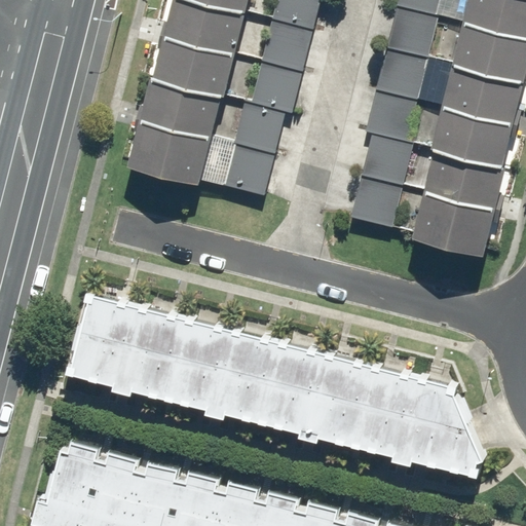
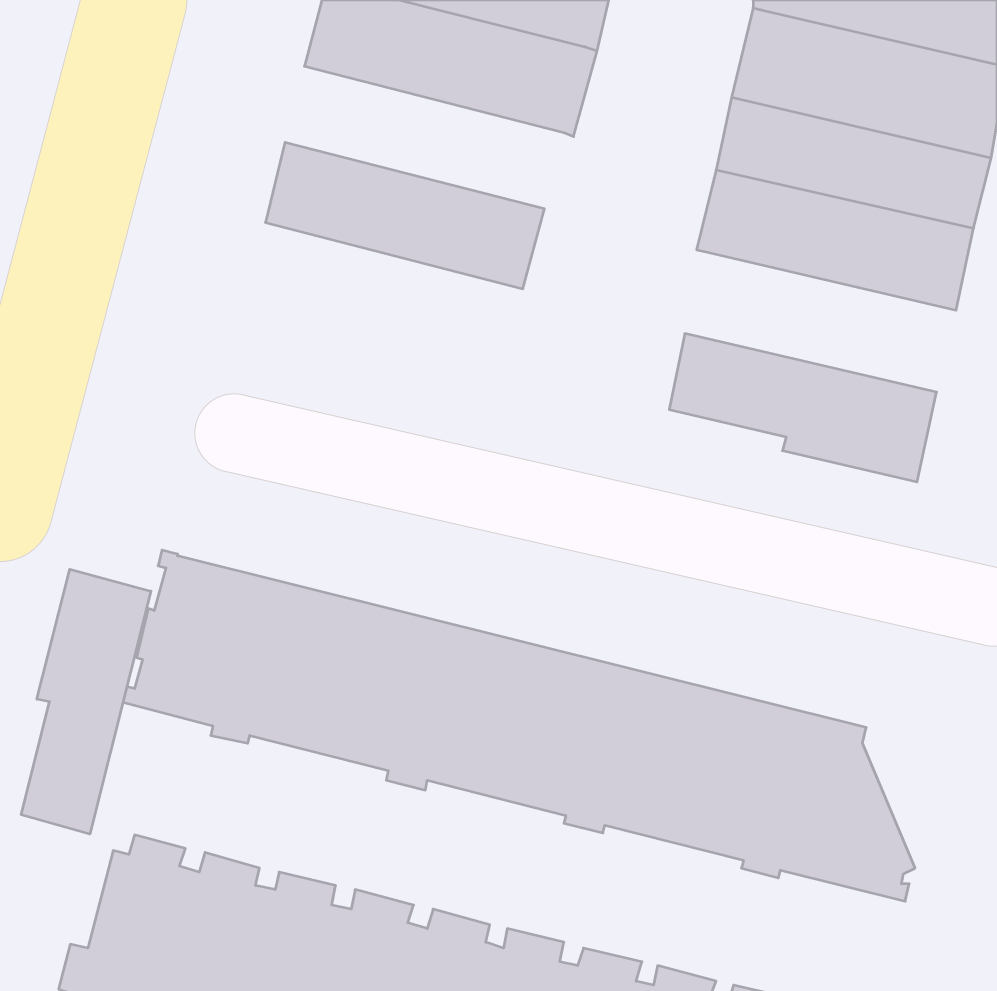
building: [150,38,302,115] -> none
building: [127,120,275,201] -> none
building: [361,136,503,210] -> none
building: none -> [21,569,151,834]

